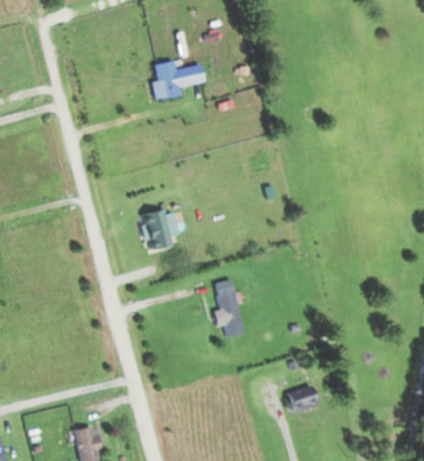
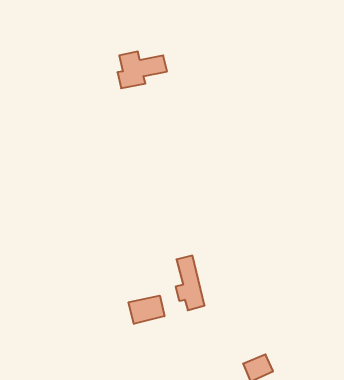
building: [142,207,173,250] -> none
building: none -> [129,296,164,324]

